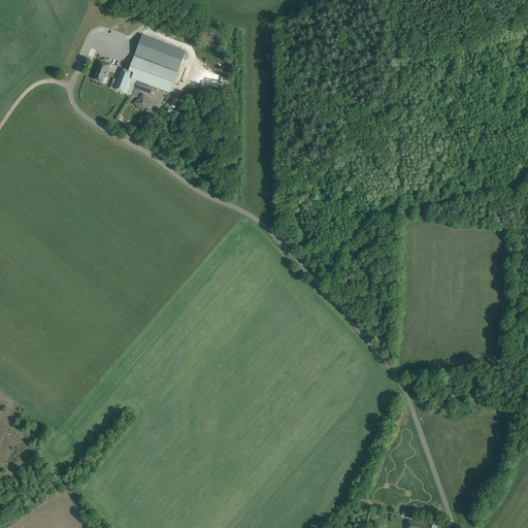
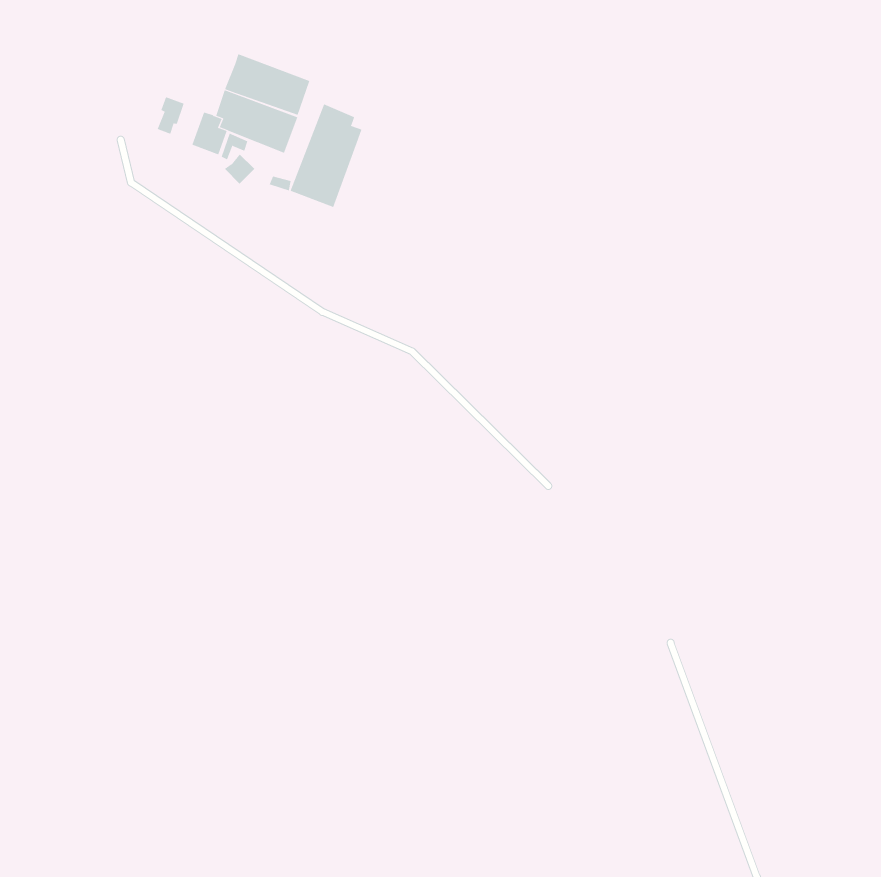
building: none -> [290,104,362,208]

